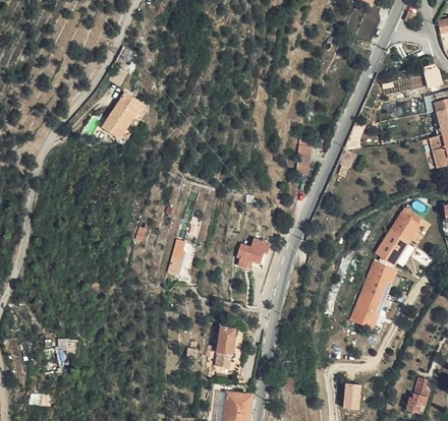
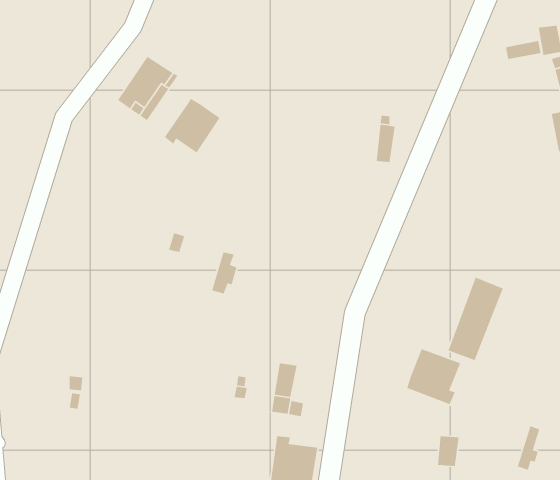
building: none -> [164,98,220,154]
building: [376,207,421,263] -> none
building: [236,235,272,265] -> none
building: none -> [406,348,461,405]

